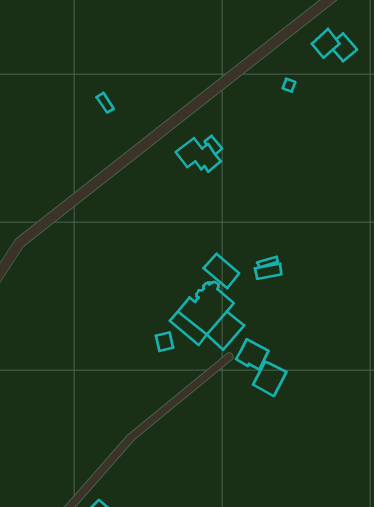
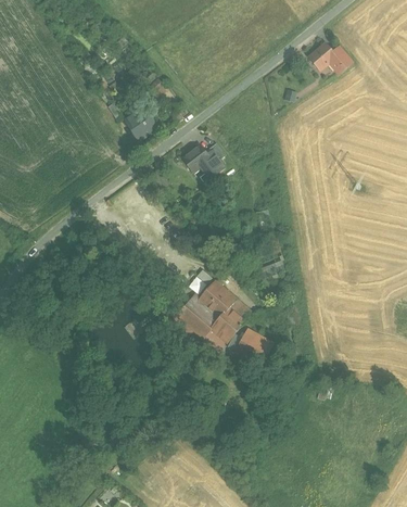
building: none -> [125,110,157,140]
building: [203,254,239,288] -> none
building: [253,362,286,396] -> none

